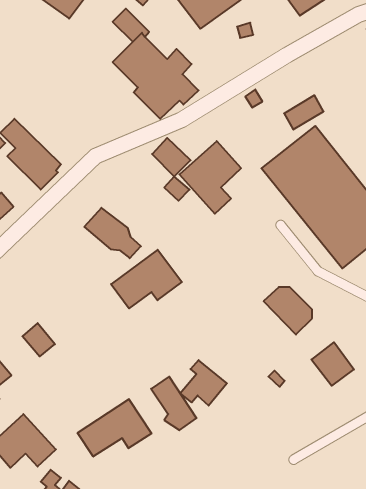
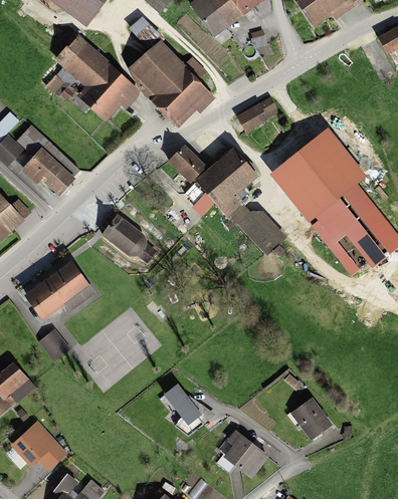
building: none -> [53,29,138,121]
building: [284,95,324,130] -> [227,103,266,138]
building: [111,250,182,308] -> [23,261,93,319]
building: [264,287,312,335] -> [235,211,283,258]
building: [311,342,354,386] -> [289,398,332,441]
building: [180,360,227,406] -> [217,430,263,475]
building: [78,399,151,457] -> none

